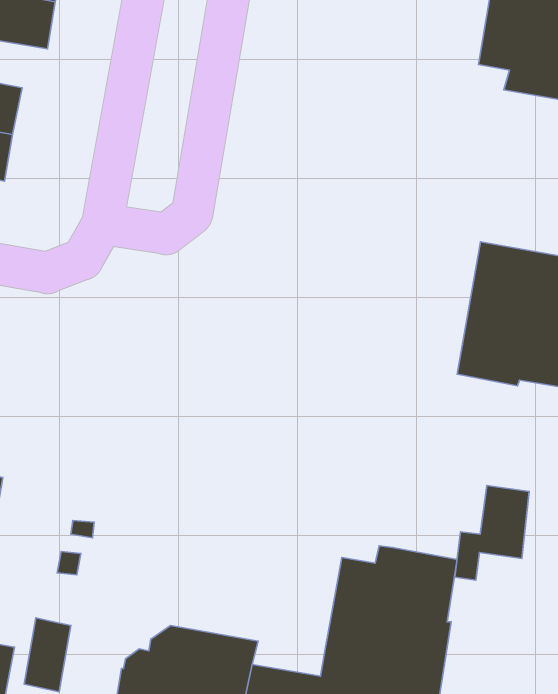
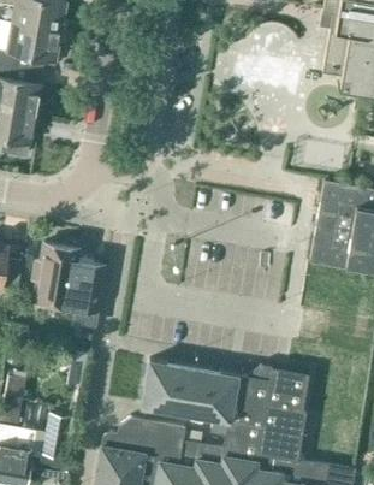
building: none -> [34,244,105,325]
building: [455,486,529,580] -> none
building: none -> [142,361,238,436]

